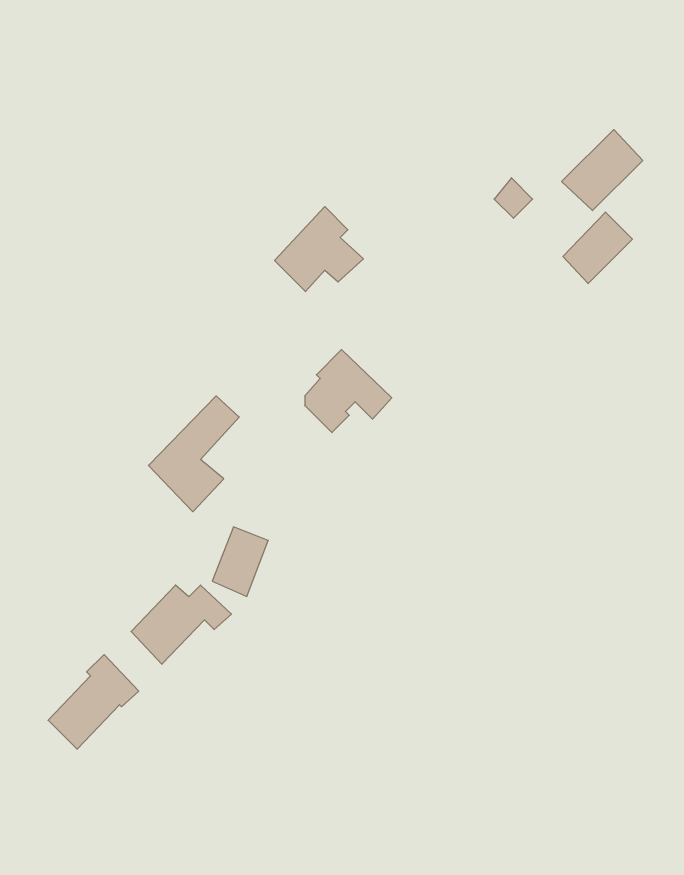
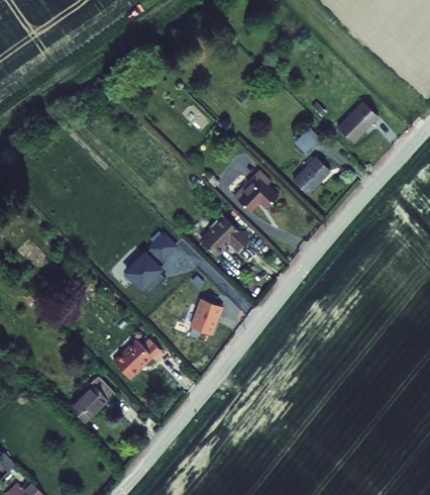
building: [275,207,363,292] -> [233,169,280,213]
building: [563,212,632,284] -> [294,157,330,194]
building: [212,527,268,596] -> [187,301,216,337]

